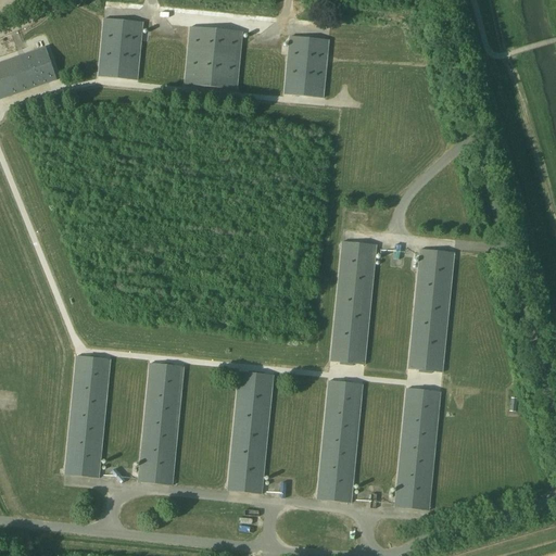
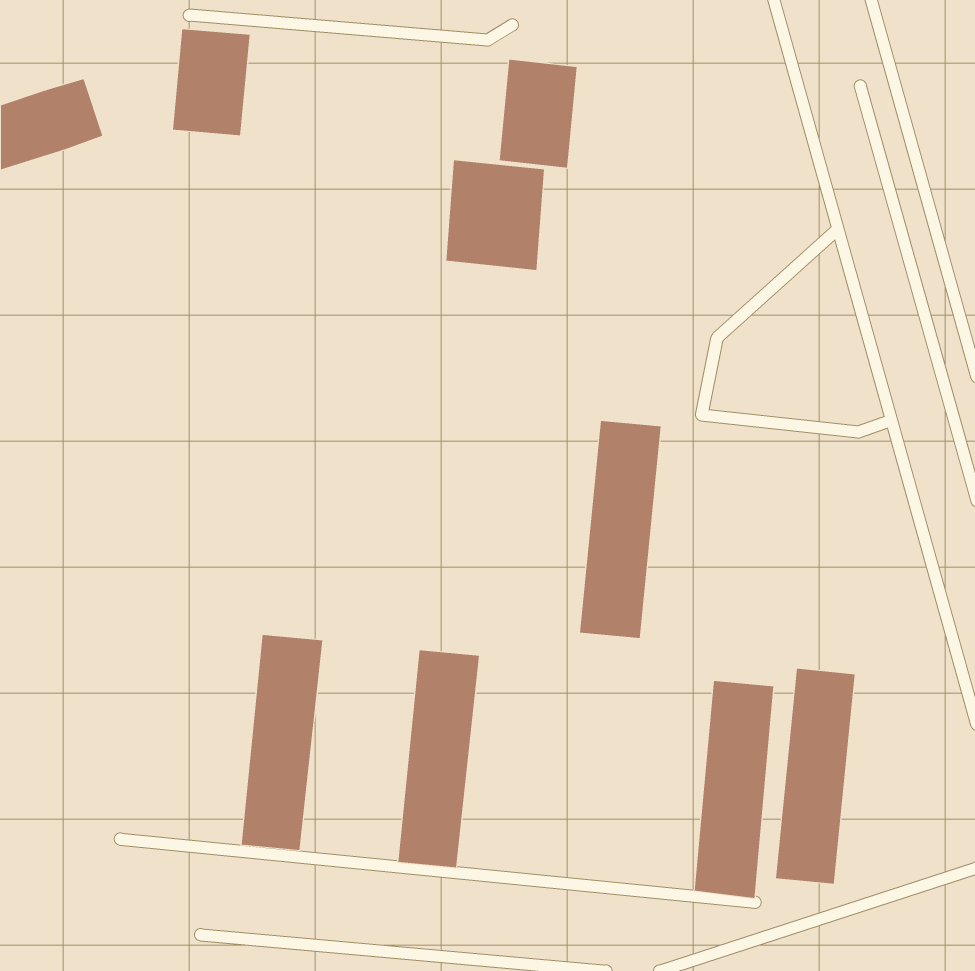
building: [186,24,242,87] -> [446,160,545,271]
building: [408,247,454,370] -> none
building: [64,353,111,477] -> none
building: [317,379,363,502] -> [775,668,855,884]

